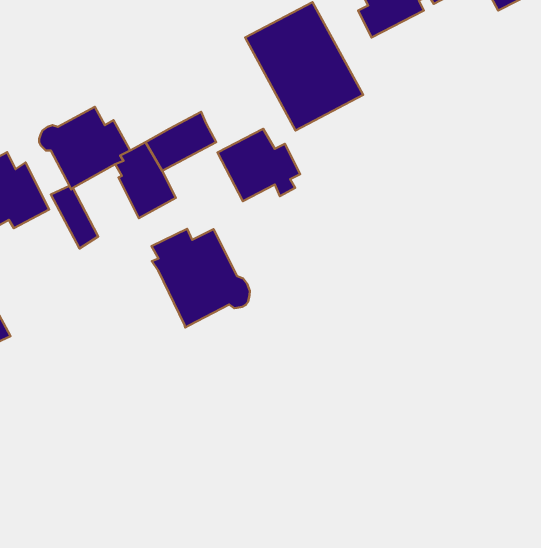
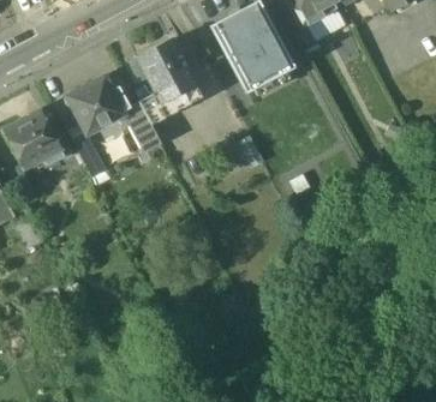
building: [217,129,300,201] -> [138,41,197,92]
building: [152,229,250,328] -> none

